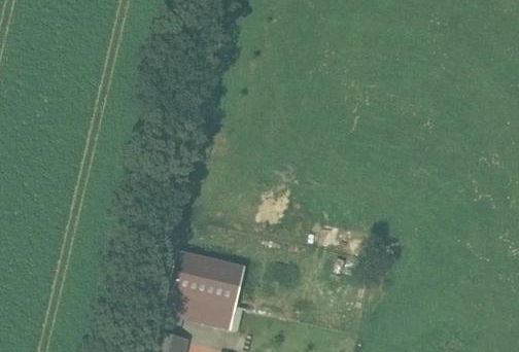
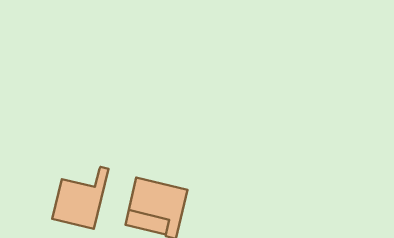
building: none -> [52,167,108,229]

